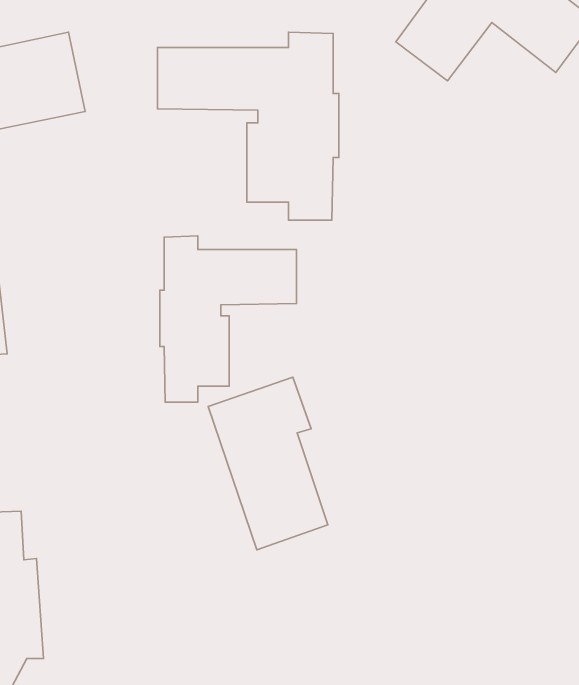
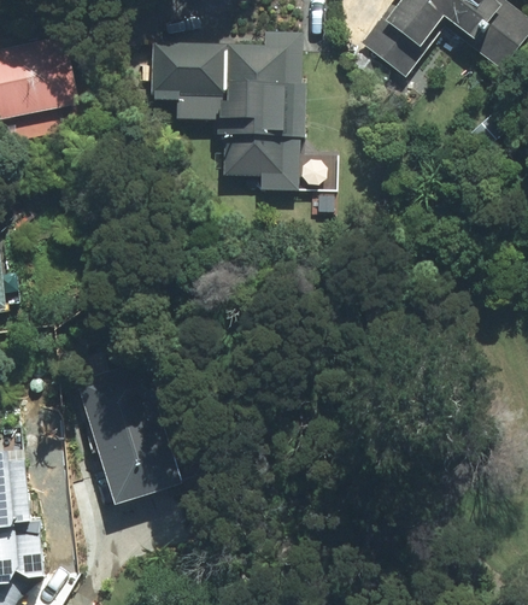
building: [160,236,296,402] -> none
building: [208,377,328,550] -> [81,356,184,505]

